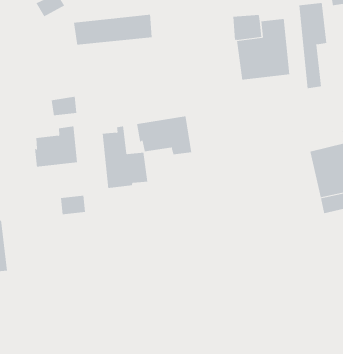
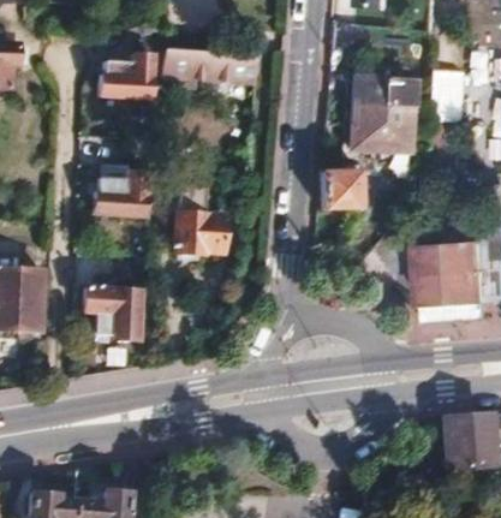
building: none -> [100,53,151,97]
building: none -> [321,171,359,209]
building: [137,116,192,155] -> none
building: none -> [84,287,139,340]

